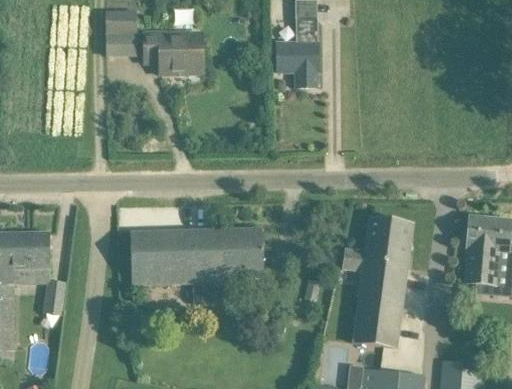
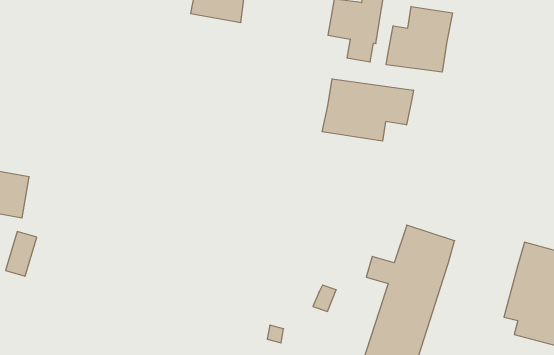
building: none -> [386,6,452,72]
building: none -> [322,79,413,141]
building: [130,228,264,301] -> none

